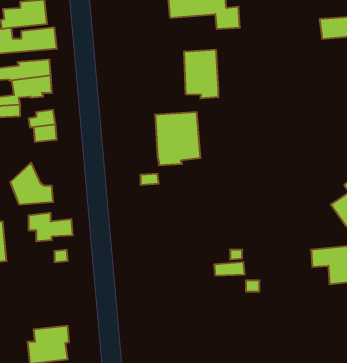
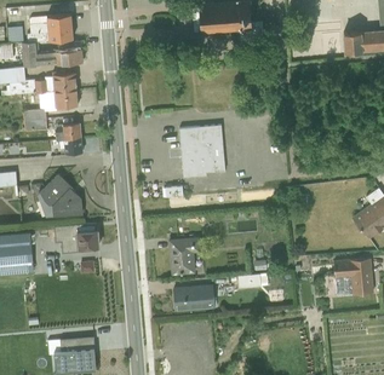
building: [184,50,218,98] -> none
building: none -> [168,237,201,273]
building: none -> [173,284,216,310]

